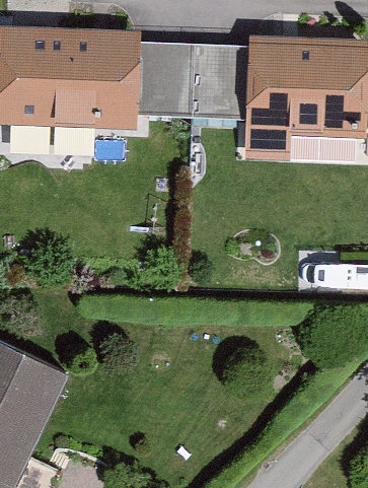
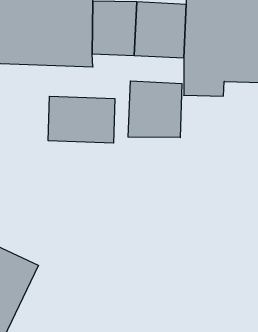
building: none -> [128,81,182,138]
building: none -> [48,96,115,143]

